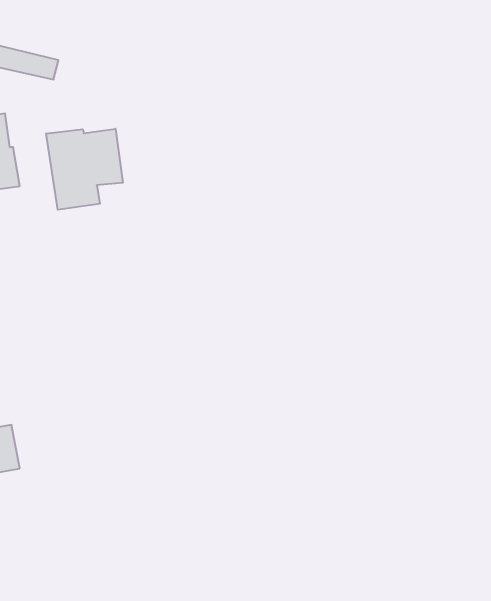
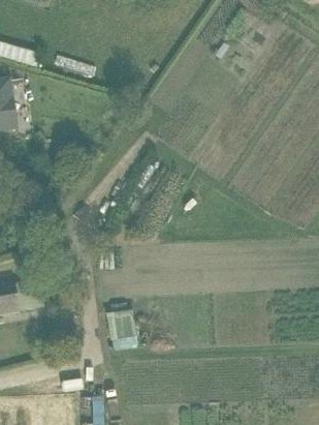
building: [46,129,123,210] -> none

